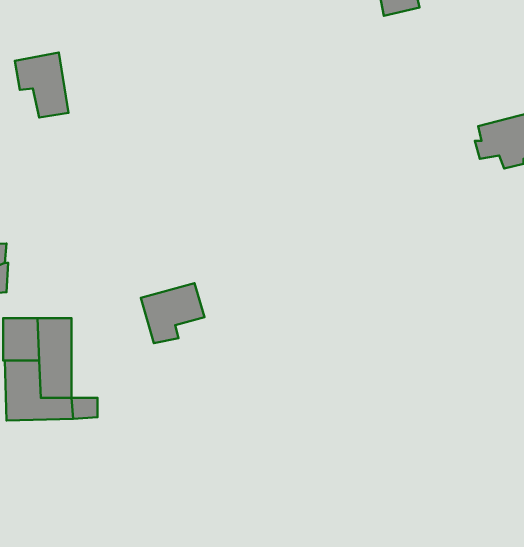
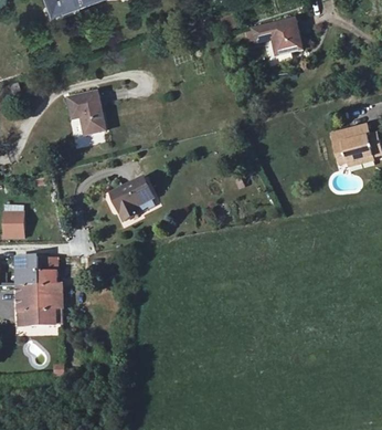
building: [15,53,68,118] -> [67,91,104,135]
building: [141,283,204,343] -> [103,177,146,218]

